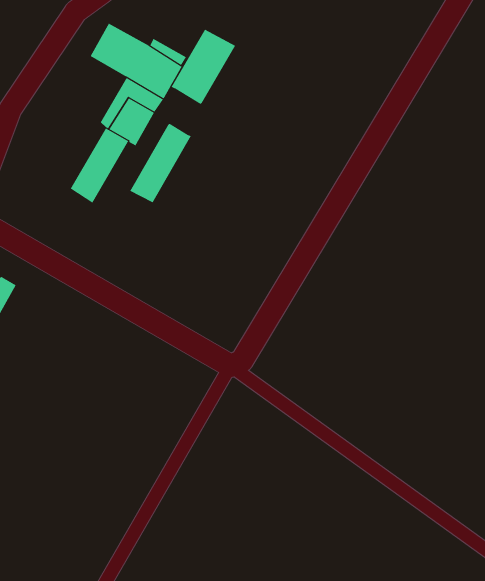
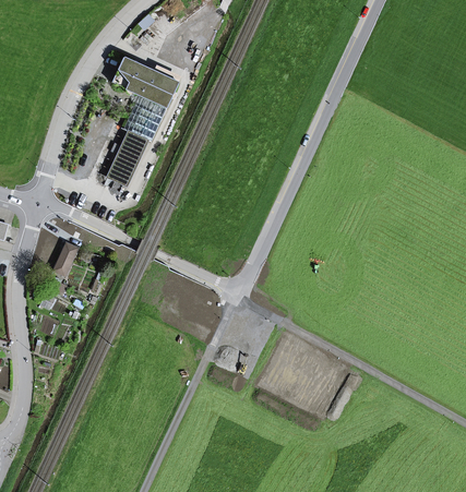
building: [171,29,236,105] -> none
building: [129,123,192,203] -> none

